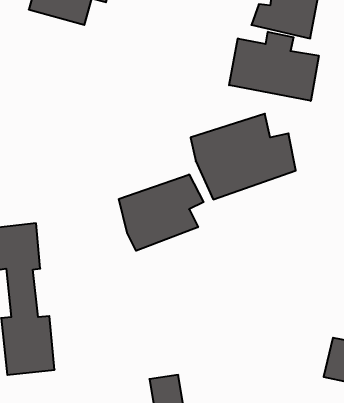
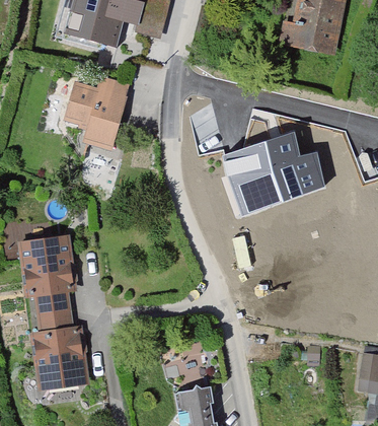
building: [229,32,319,101] -> none
building: none -> [68,83,128,151]
building: [119,174,204,251] -> none

